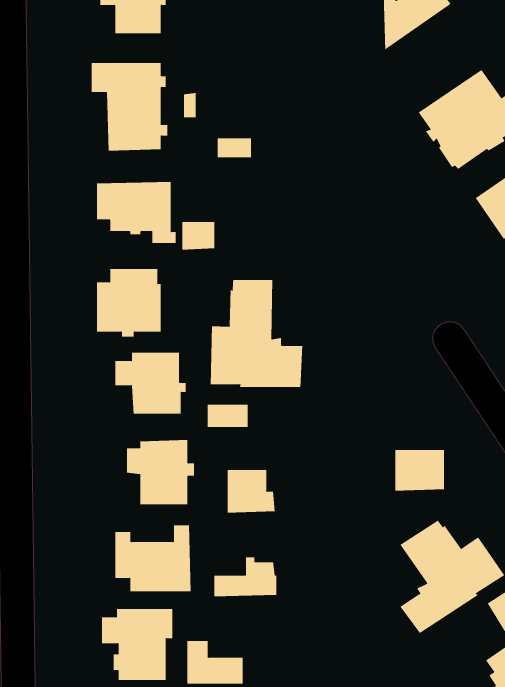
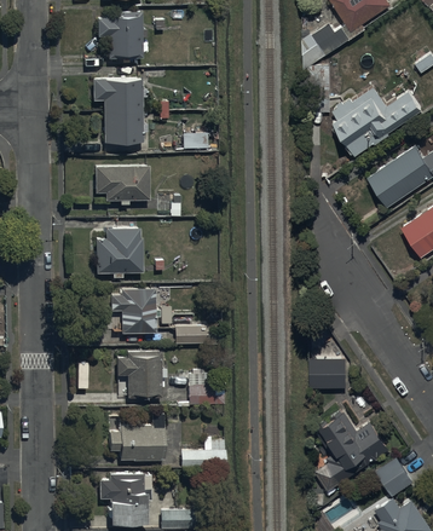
building: [210,279,303,388] -> none

